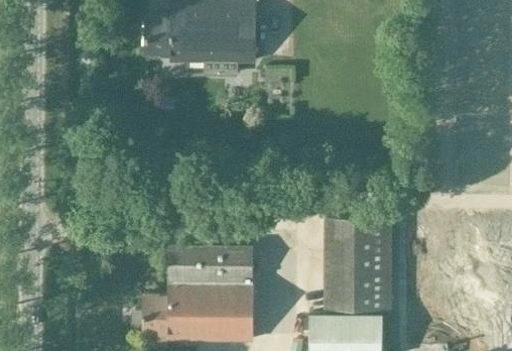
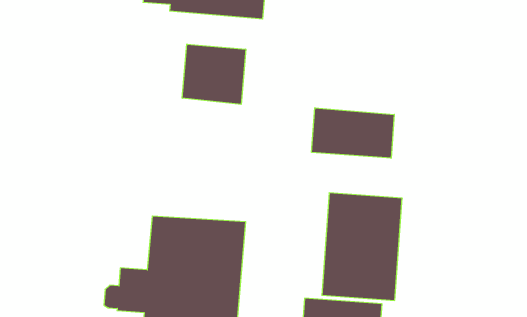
building: none -> [182,44,246,104]
building: none -> [312,108,394,158]

